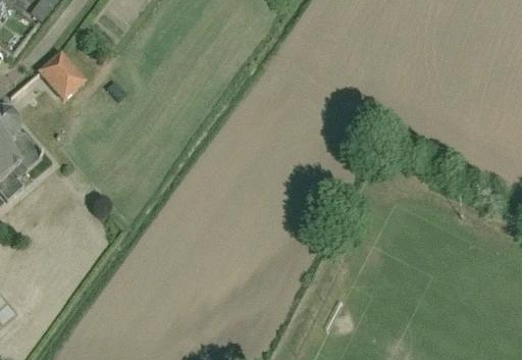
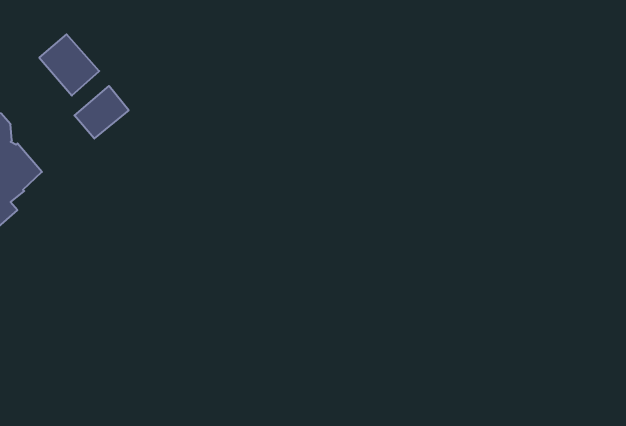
building: none -> [74,86,129,139]

